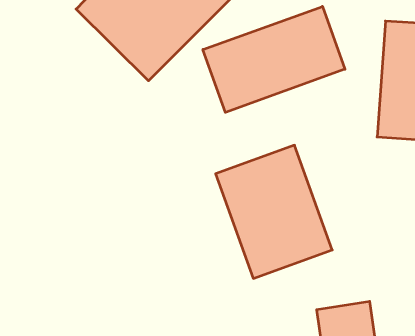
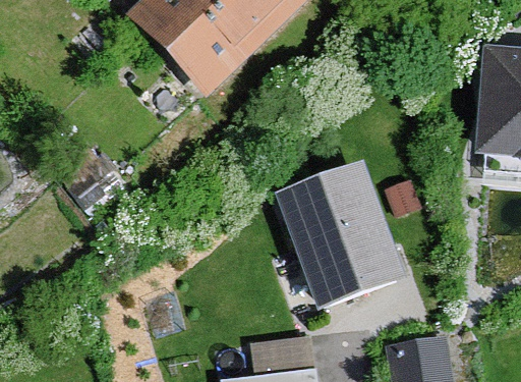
building: [203,6,345,112] -> none

